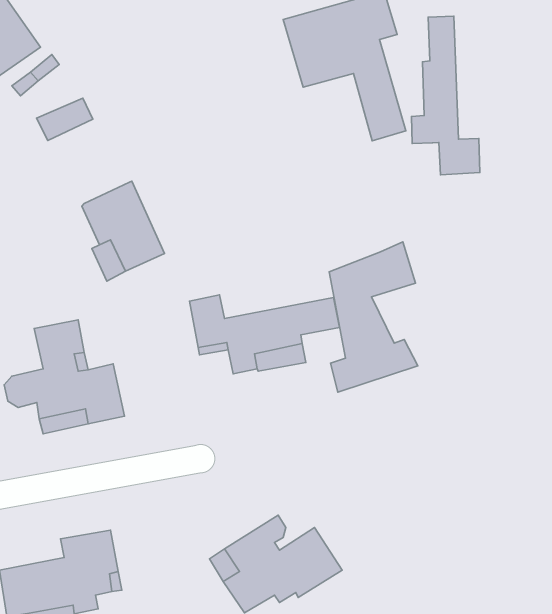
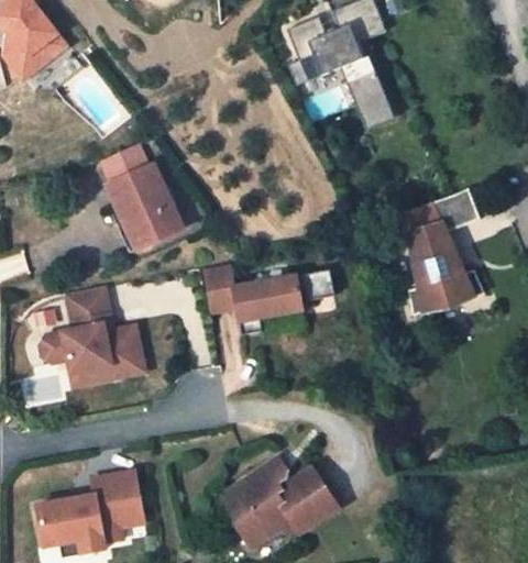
building: [411,16,480,175] -> none
building: [37,98,93,141] -> [100,146,150,184]
building: [329,242,418,392] -> [408,186,486,318]

